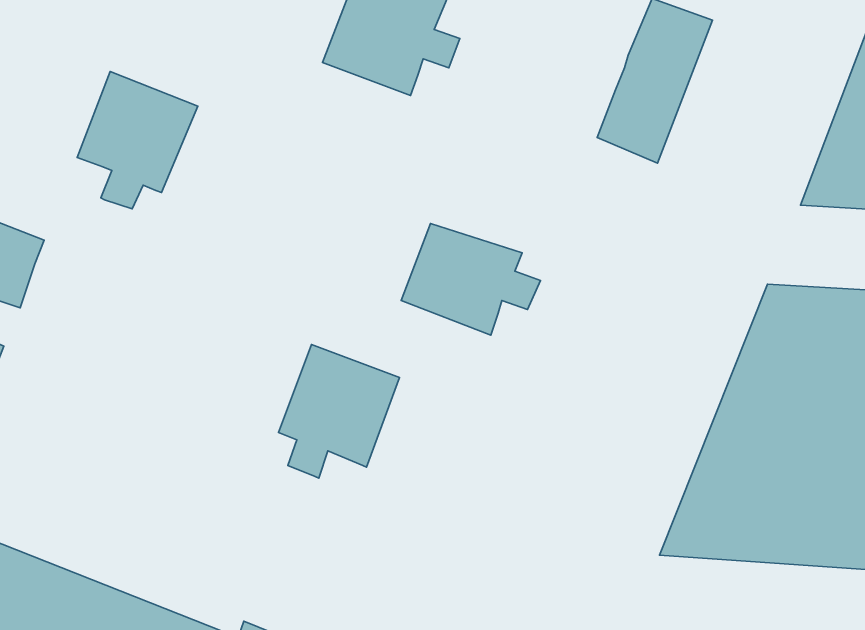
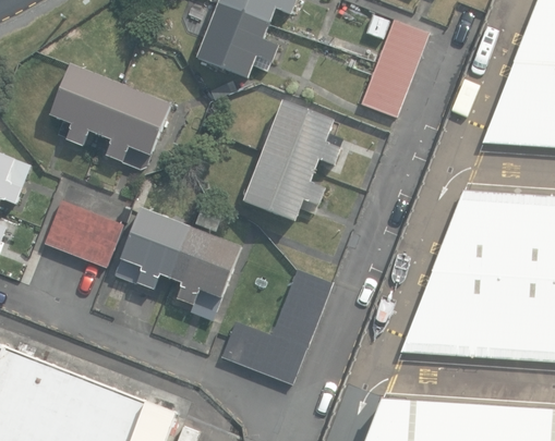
building: none -> [101,85,171,162]
building: none -> [262,100,340,172]
building: none -> [44,200,124,269]
building: none -> [122,207,191,290]
building: none -> [221,270,334,385]

